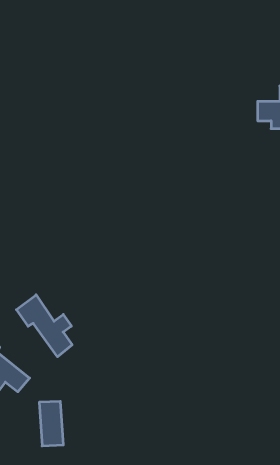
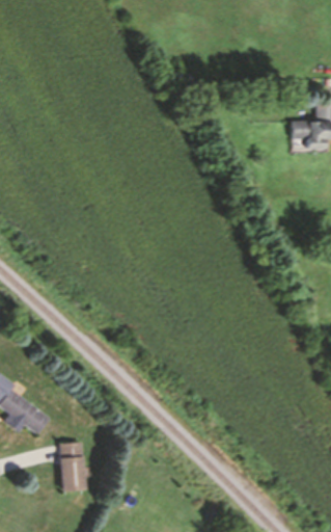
building: [16,295,72,357] -> none

